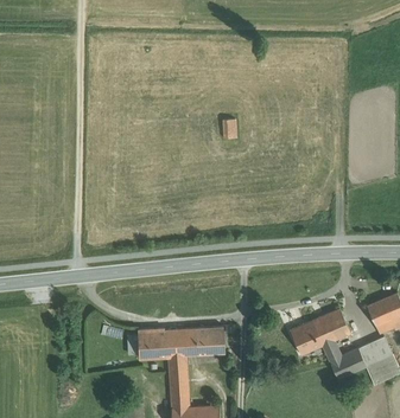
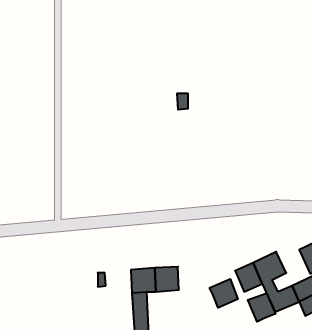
building: [139,329,169,358] -> none
building: none -> [210,279,238,308]
building: none -> [248,293,275,322]

